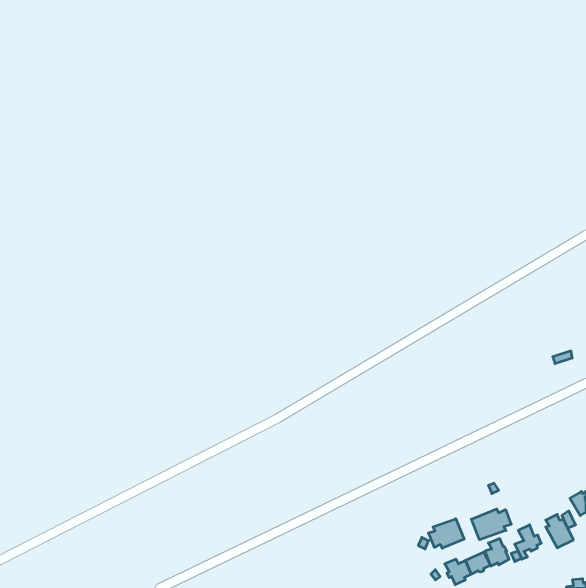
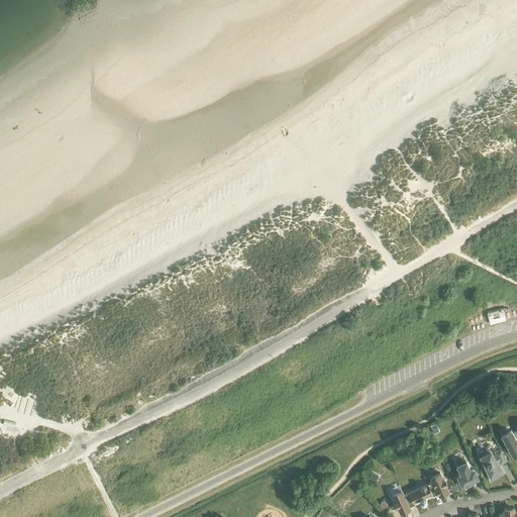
building: [471,509,511,540] -> none
building: [428,519,464,548] -> none

